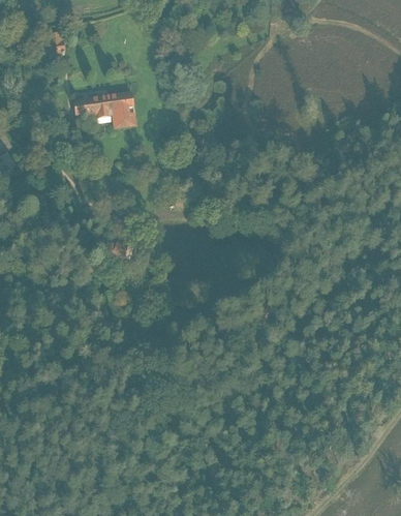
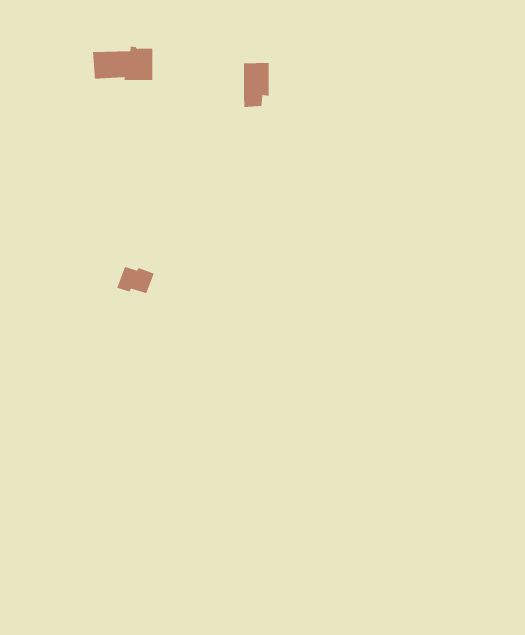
building: [115,95,134,127] -> [243,62,270,108]

